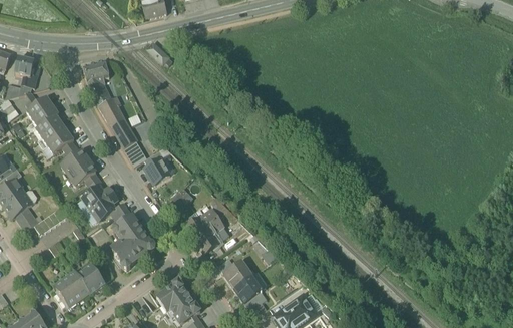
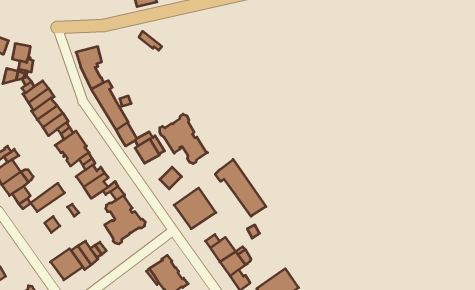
building: none -> [160,114,208,164]
building: none -> [215,159,266,216]

